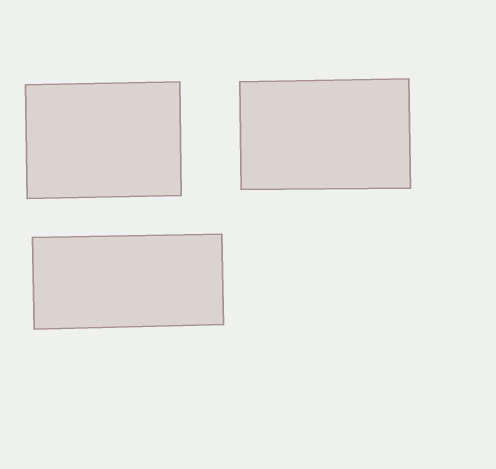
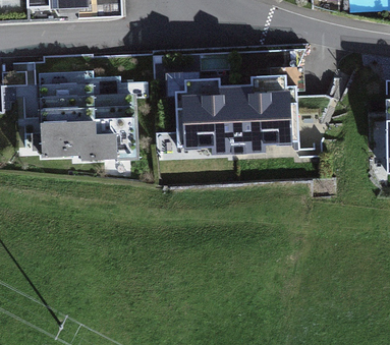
building: [33,234,224,329] -> none

